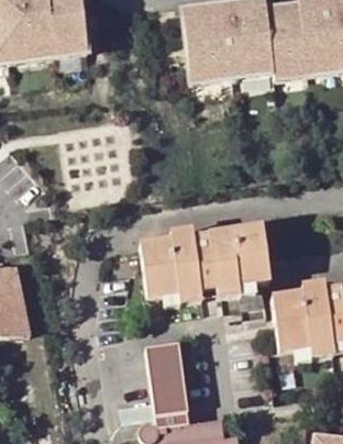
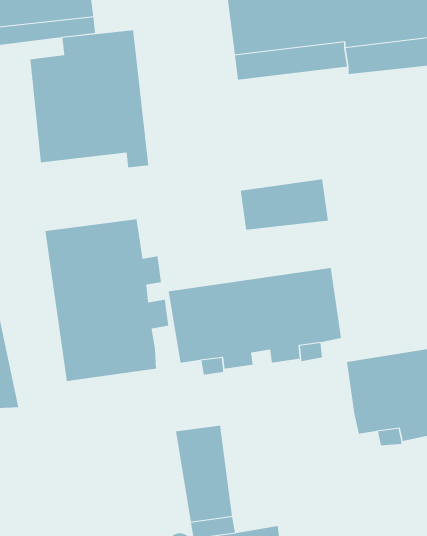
building: none -> [30,29,149,168]
building: none -> [240,178,329,230]
building: none -> [45,219,169,382]

